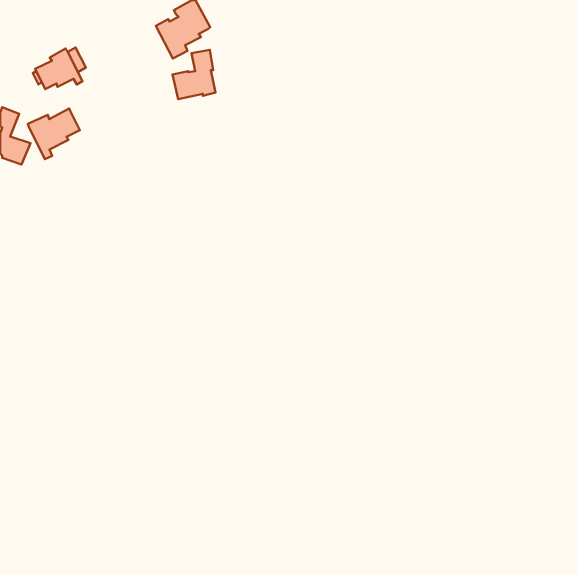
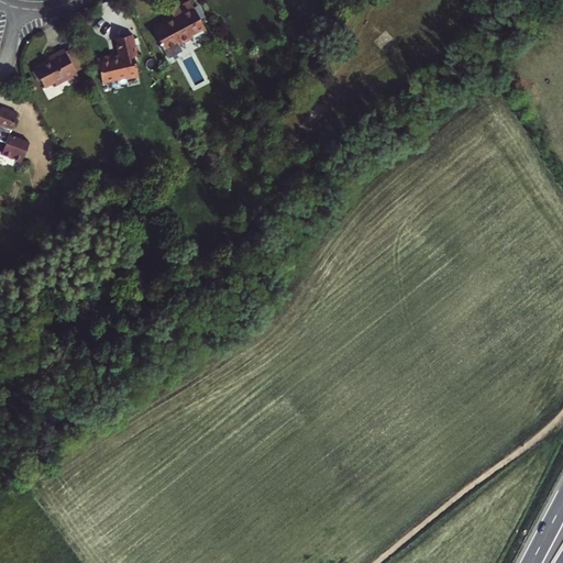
building: [172,50,215,99] -> [96,35,137,84]
building: [28,109,80,159] -> none

